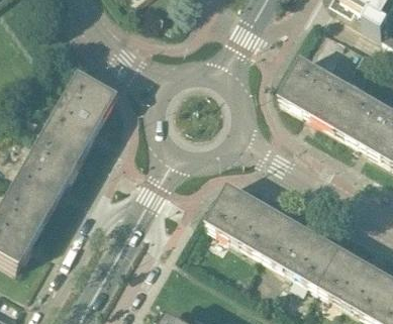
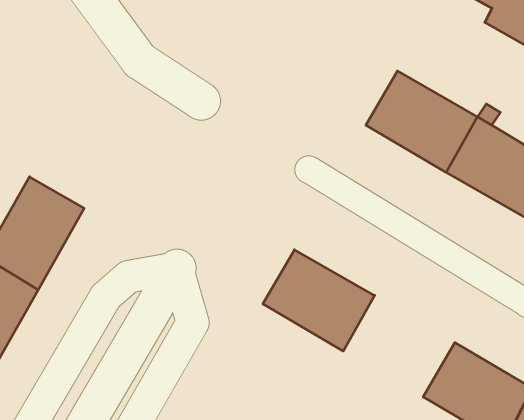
building: [41,77,113,155] -> none
building: [263,217,341,289] -> none

